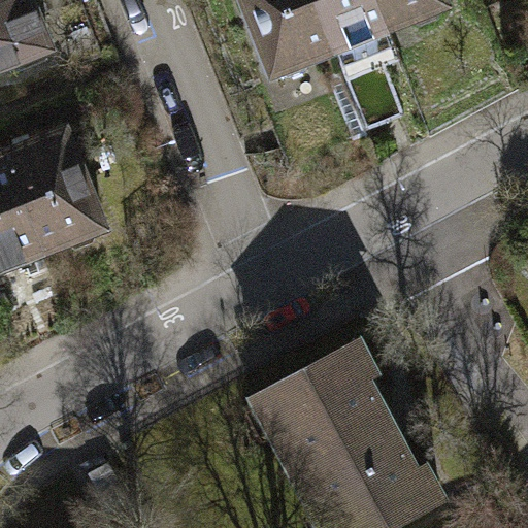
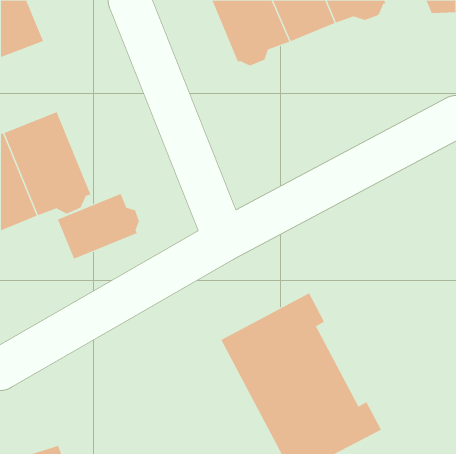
building: none -> [57,193,140,259]

